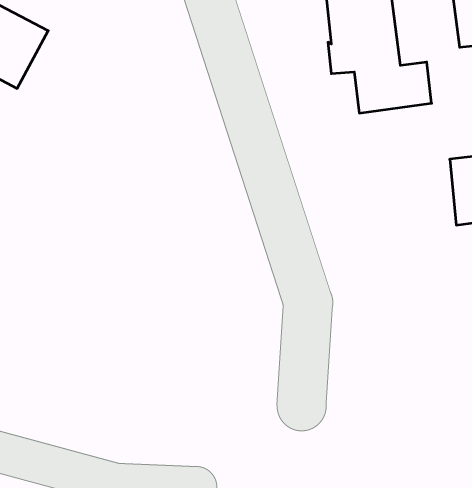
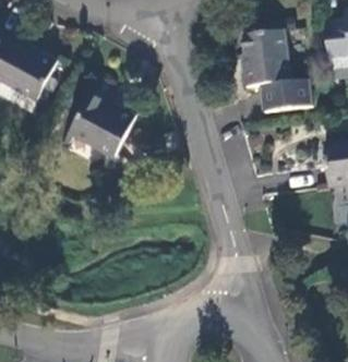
building: none -> [69,77,136,153]

